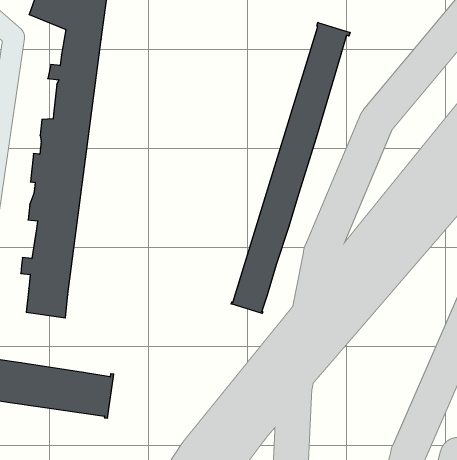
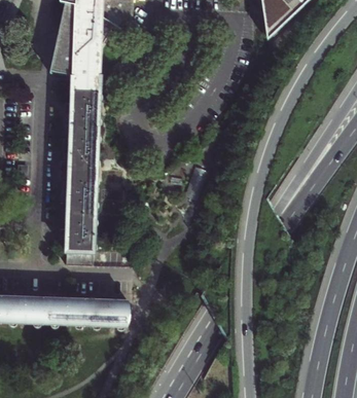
building: [231,22,350,313] -> none

